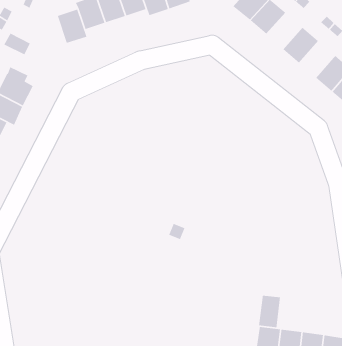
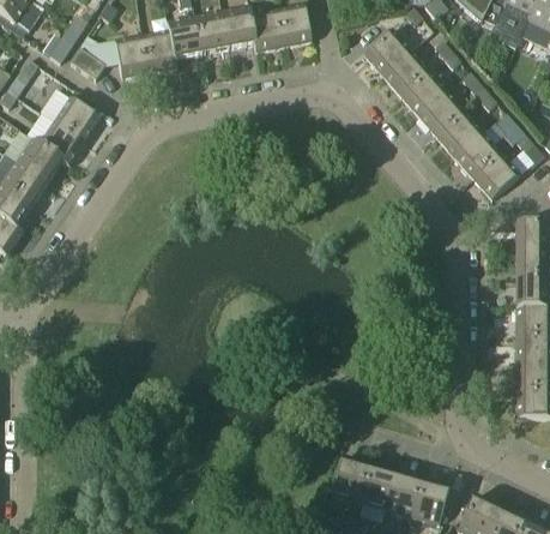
building: none -> [399,71,446,116]
building: none -> [113,35,147,78]
building: none -> [435,112,482,157]
building: [258,295,281,328] -> none

